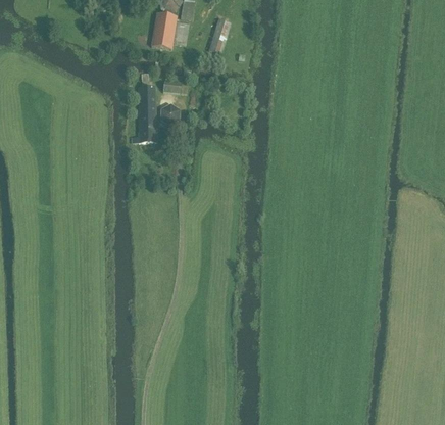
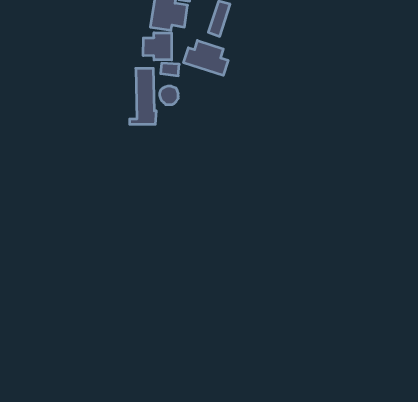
building: none -> [143,33,172,60]
building: none -> [184,40,228,75]

